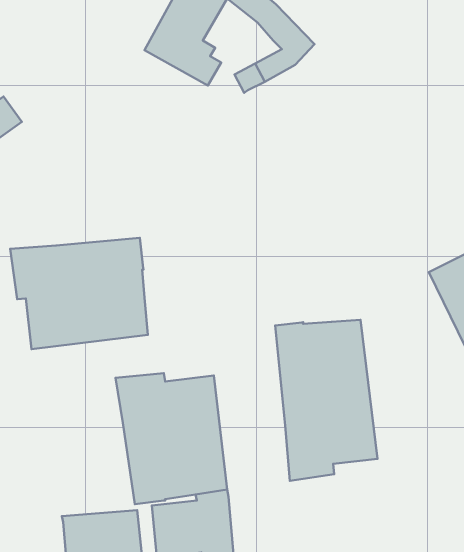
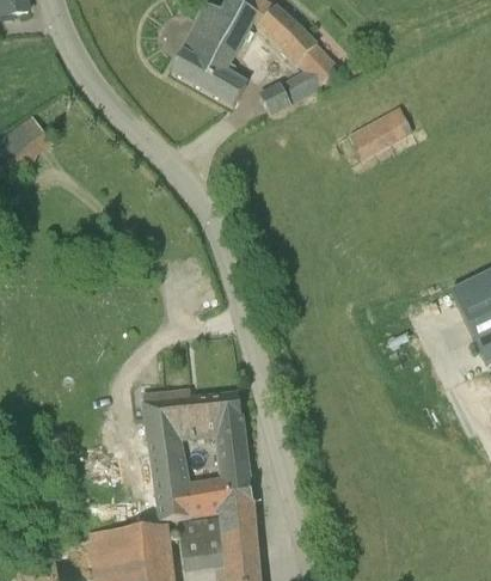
building: none -> [349,108,412,159]
building: [10,238,148,349] -> none
building: [275,320,378,481] -> none

